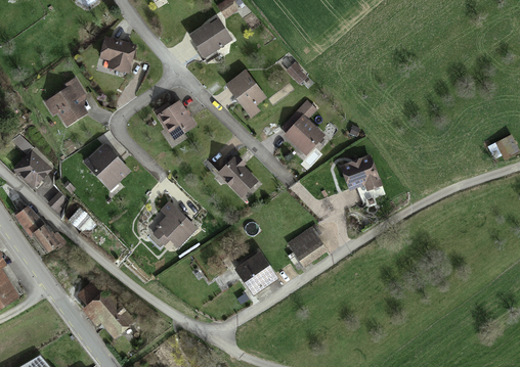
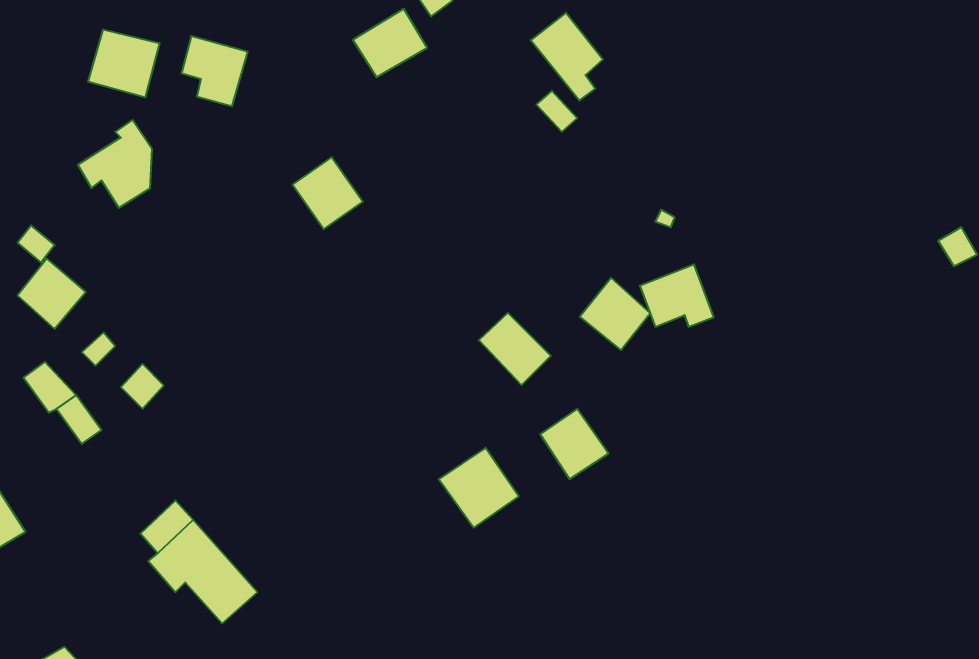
building: none -> [88,30,160,97]
building: [226,73,264,119] -> [531,13,603,101]
building: [285,117,321,154] -> [580,278,650,350]
building: [86,144,129,188] -> none
building: [219,157,257,195] -> [479,313,551,385]
building: [154,201,197,245] -> none

